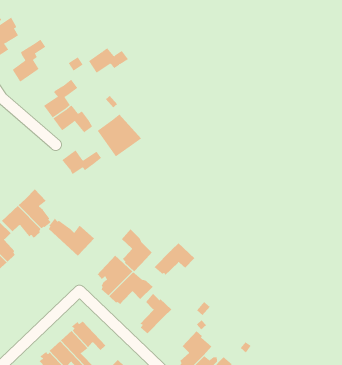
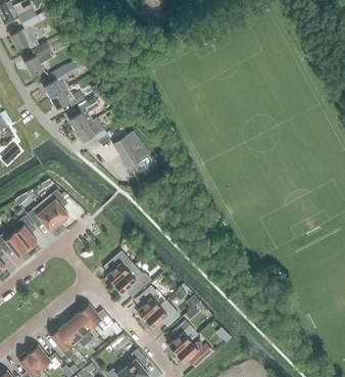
building: [88,48,129,74] -> [50,88,85,109]
building: [62,150,102,175] -> none
building: [48,218,95,257] -> none
building: [121,229,153,272] -> none
building: [154,242,195,276] -> [143,300,179,328]

